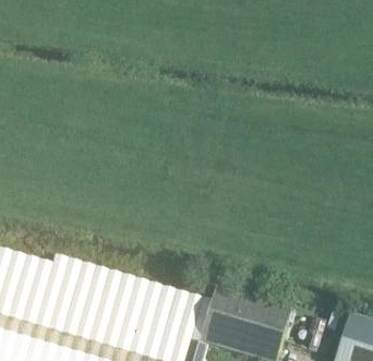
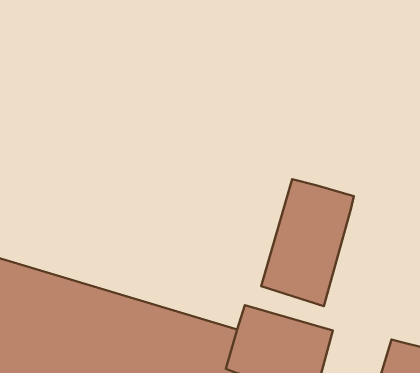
building: none -> [261,179,354,306]

